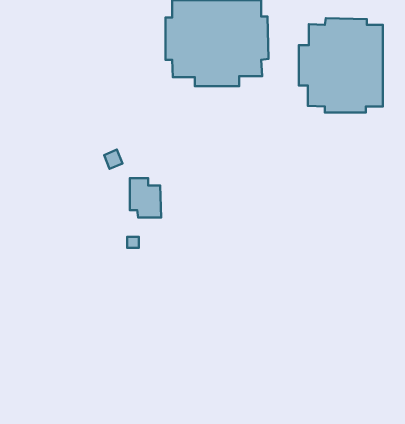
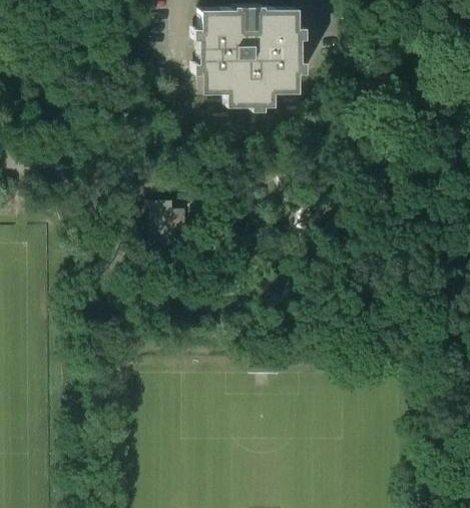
building: [299,18,383,112] -> none

